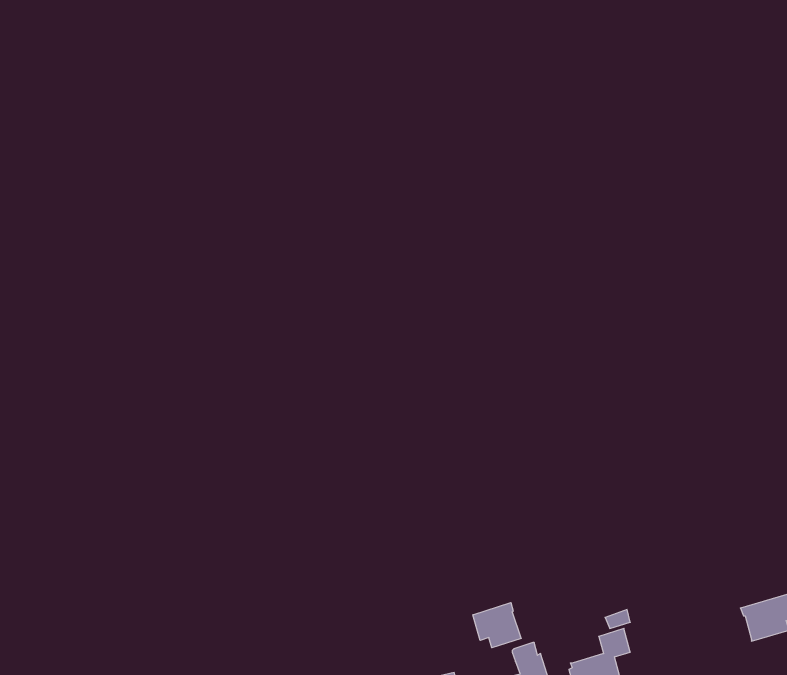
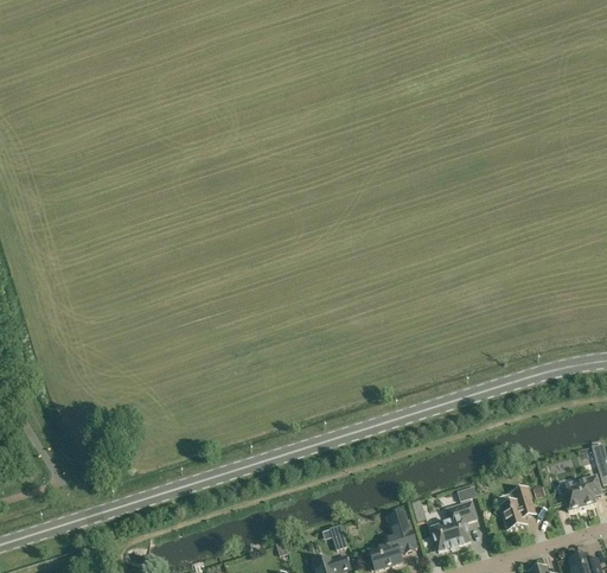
building: [473,603,521,648] -> none
building: none -> [499,486,533,528]

